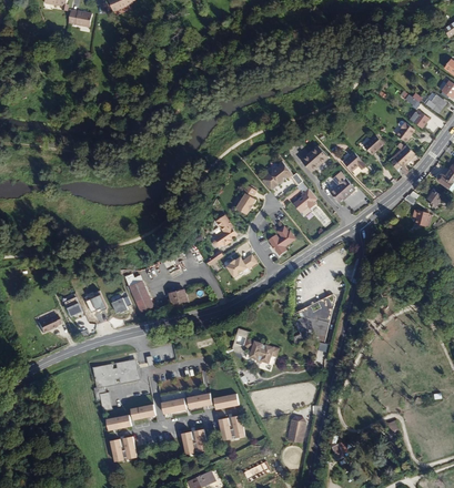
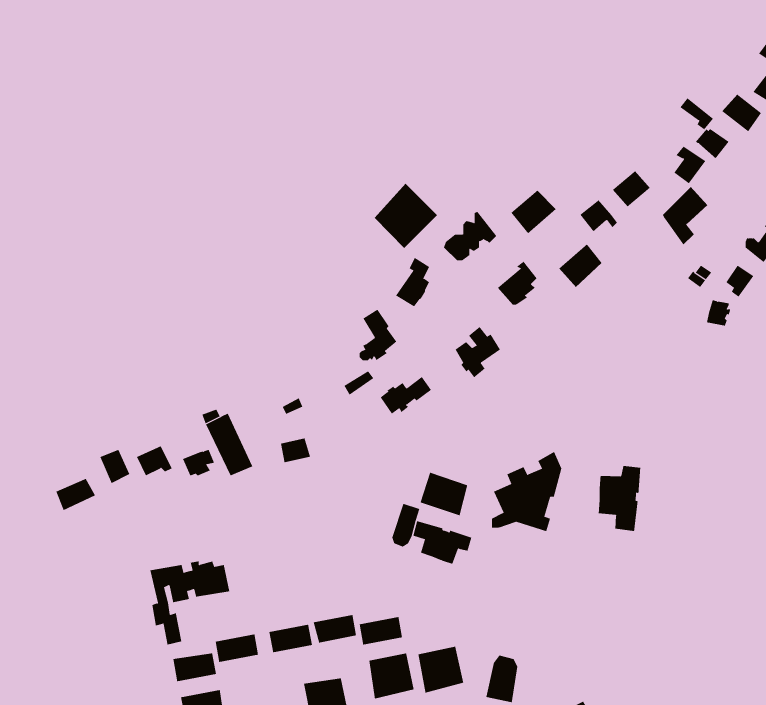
building: none -> [374,183,438,249]
building: none -> [598,465,641,532]
building: none -> [420,472,468,516]
building: none -> [418,646,464,694]

